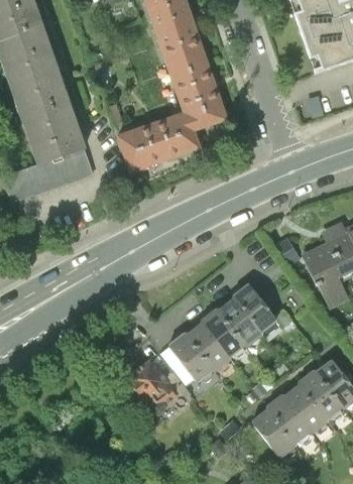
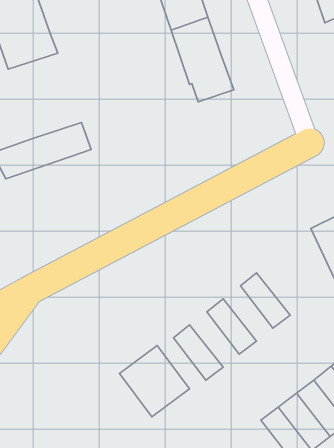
building: [14,82,83,161] -> none
building: [117,110,198,168] -> none
building: [215,298,261,350] -> none
building: [184,323,230,374] -> none

